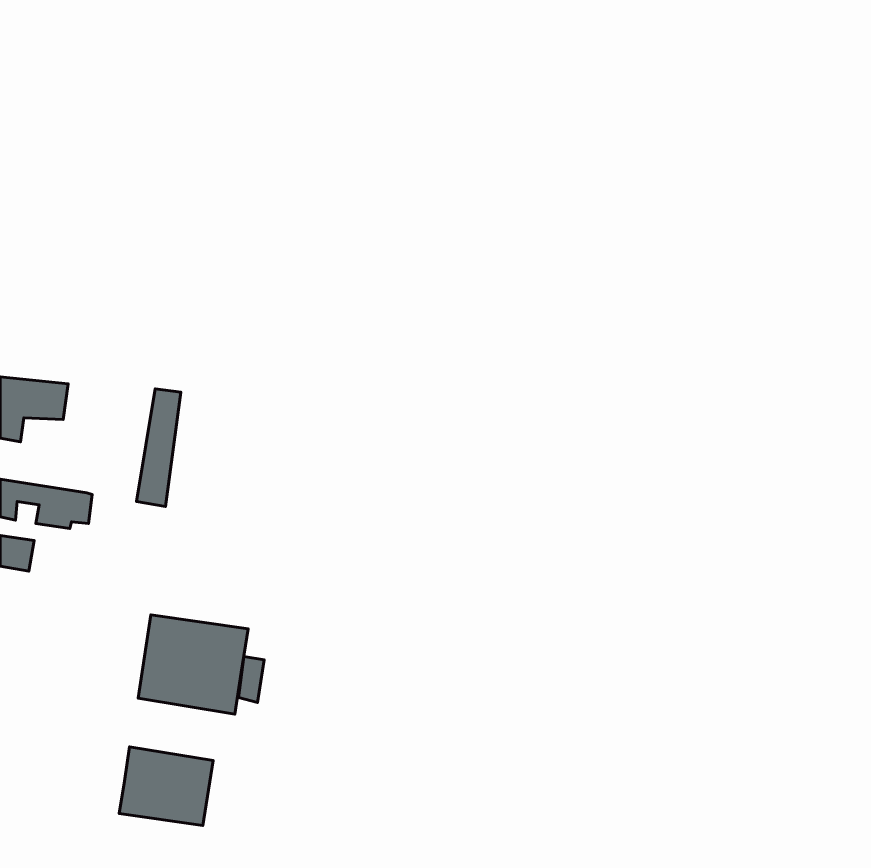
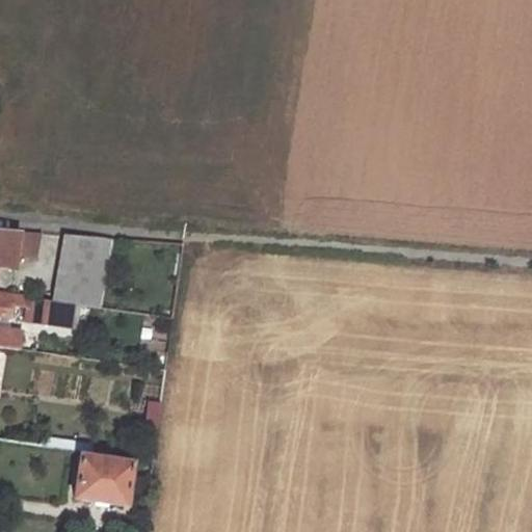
building: none -> [53,235,95,305]
building: [138,615,248,714] -> none

